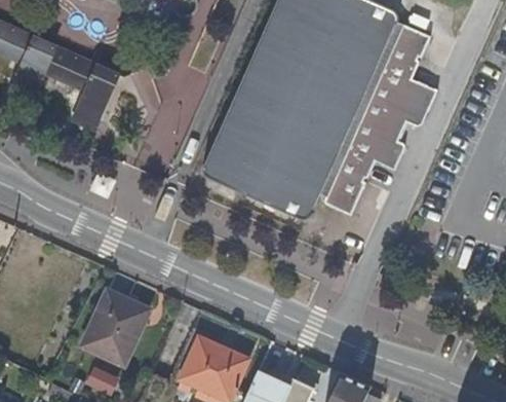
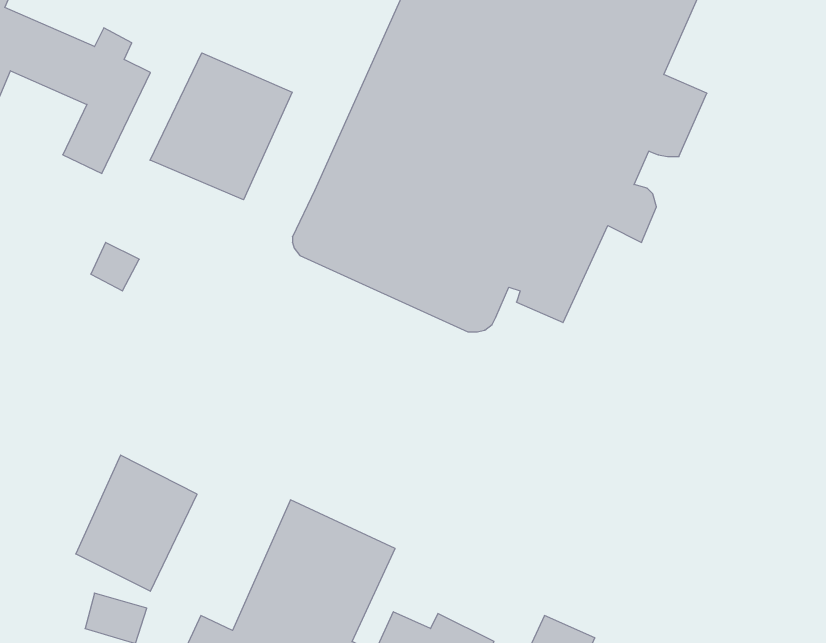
building: none -> [150,53,292,200]

